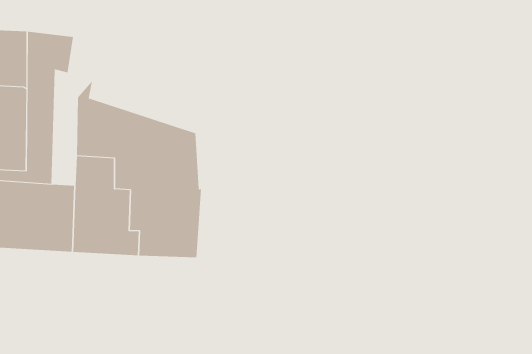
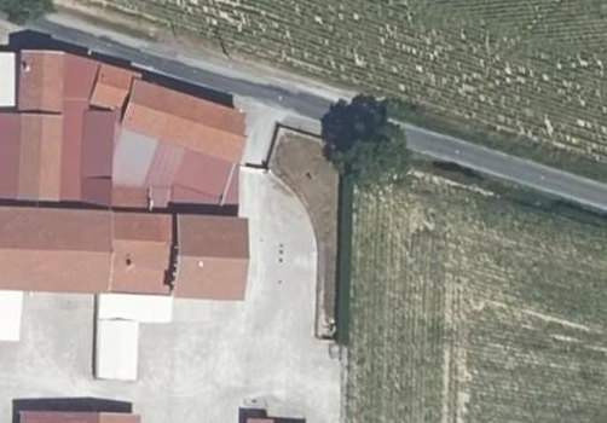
building: none -> [96,62,239,167]

